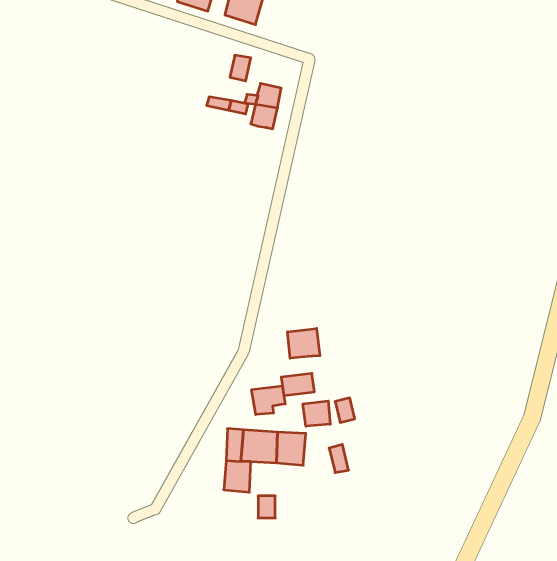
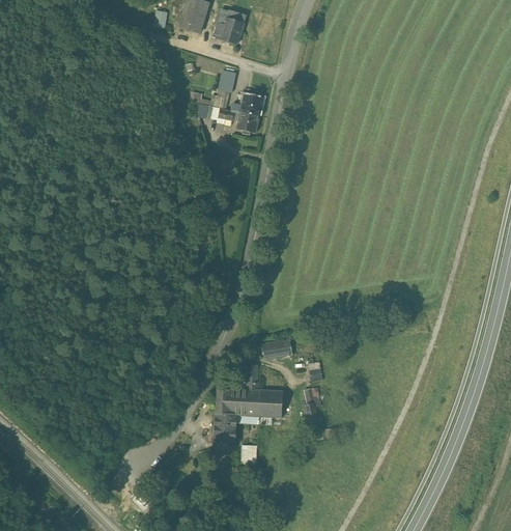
building: [288,328,320,358] -> none
building: [252,386,285,415] -> none
building: [303,401,330,426] -> none

